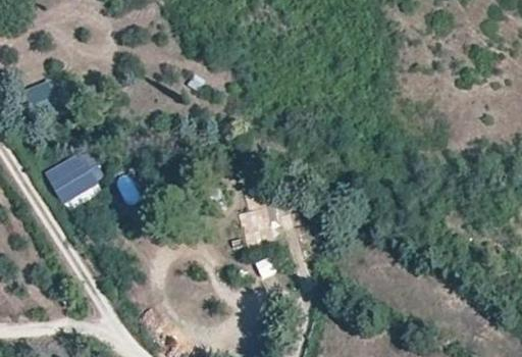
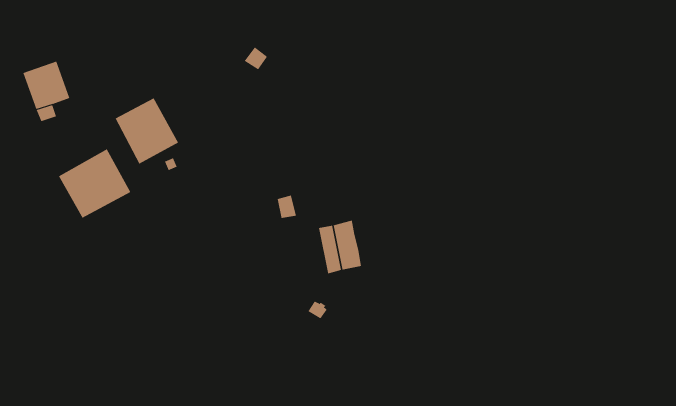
building: none -> [115,98,179,164]

